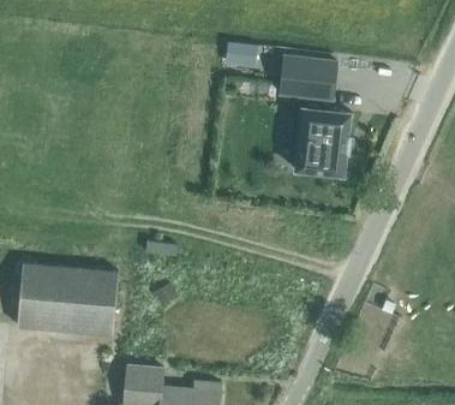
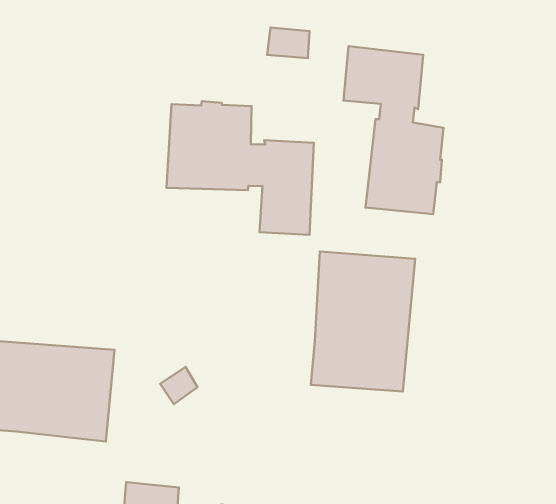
building: none -> [167,101,314,235]
building: none -> [311,251,415,392]

